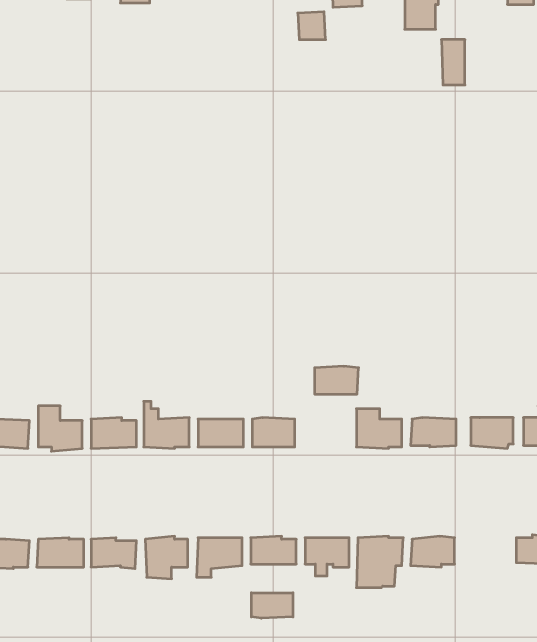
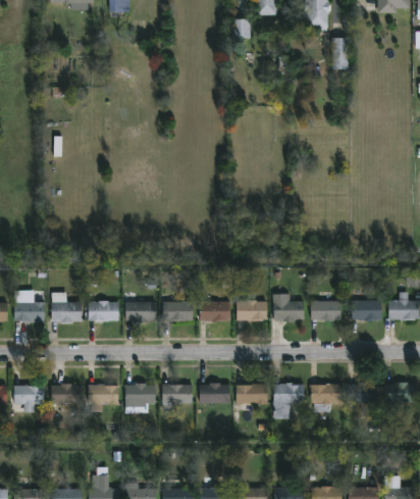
building: [315,366,359,394] -> [237,301,267,320]
building: none -> [348,383,377,404]
building: [251,593,293,618] -> none

